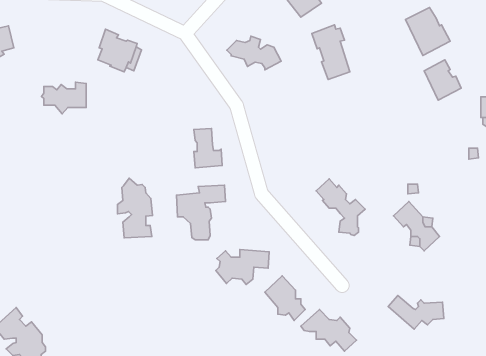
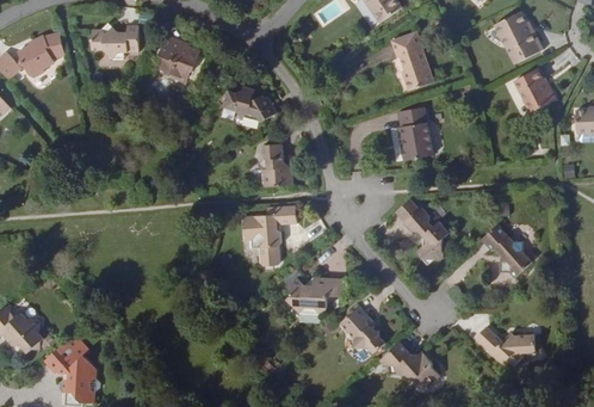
building: [227,36,281,70] -> [217,85,277,122]
building: [42,82,86,114] -> [89,24,138,58]
building: none -> [398,106,432,160]
building: [118,178,152,238] -> none

